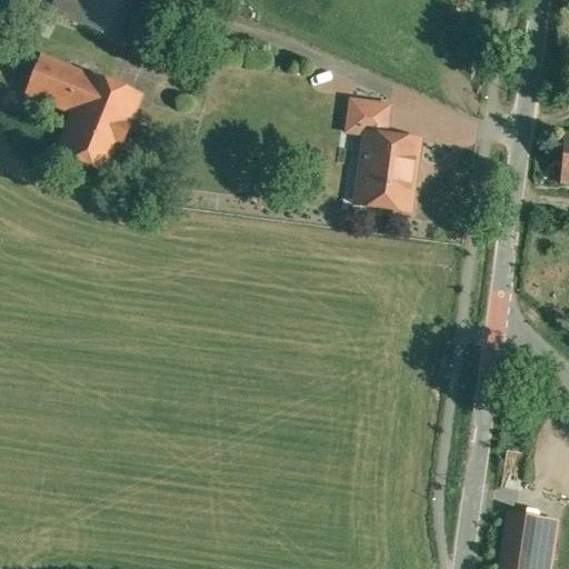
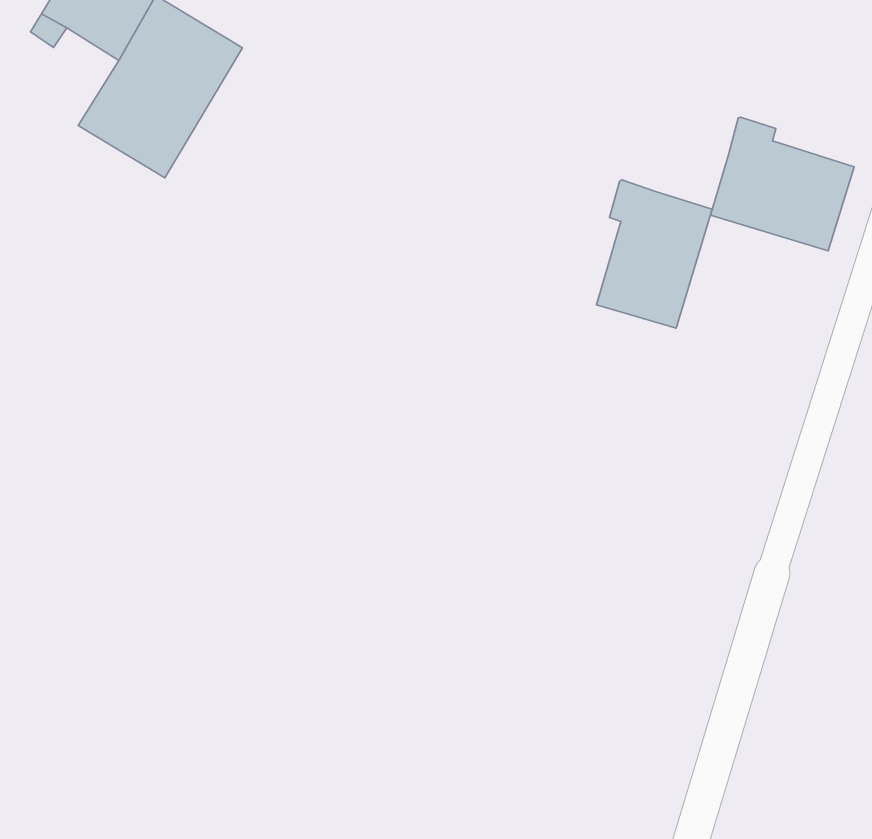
building: none -> [710,117,854,251]
building: [346,96,389,132] -> none

